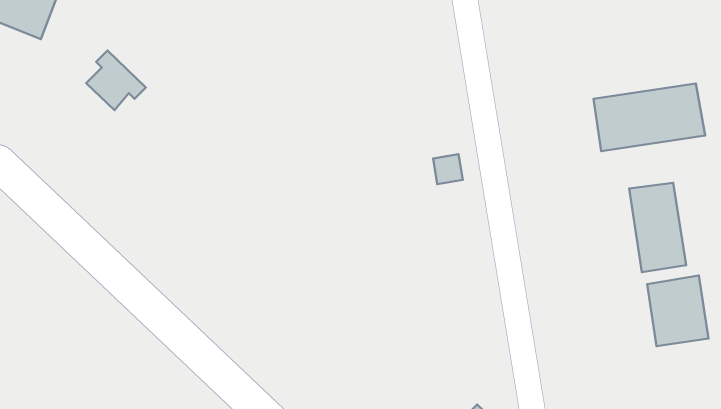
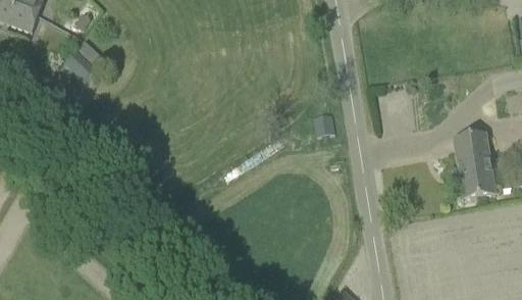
building: [594,83,705,151] -> none
building: [647,275,709,346] -> none

